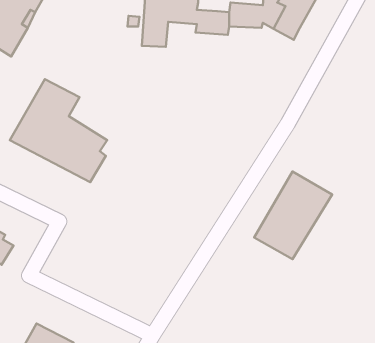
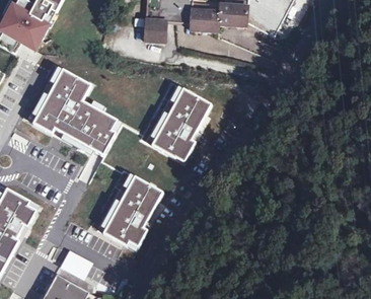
building: [254,172,332,259] -> [147,85,213,159]
building: none -> [96,173,162,245]
building: none -> [59,249,91,279]

